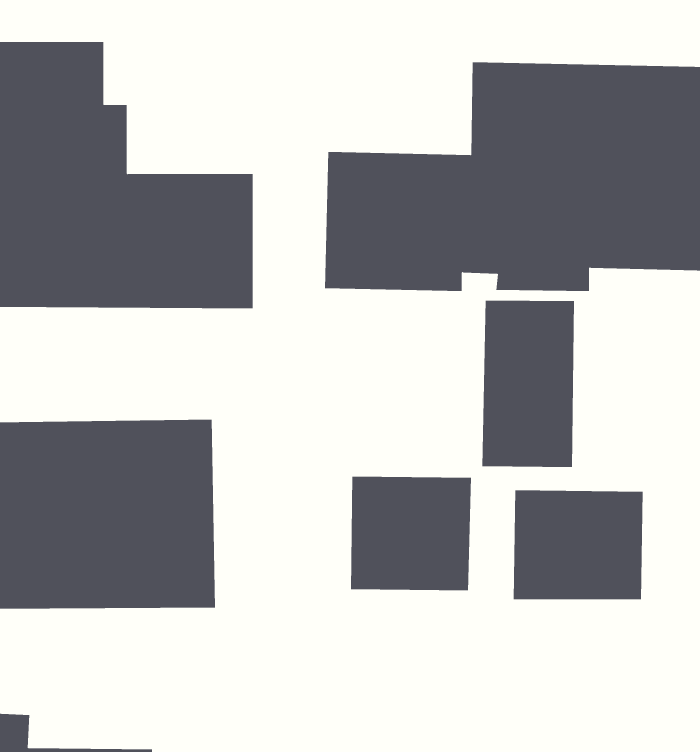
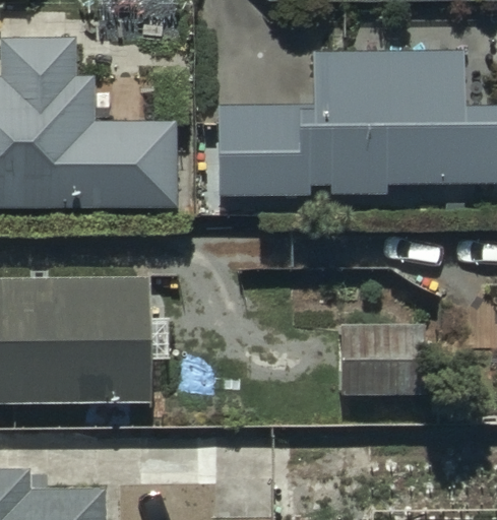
building: [482,300,575,468] -> none
building: [350,476,472,591] -> none

